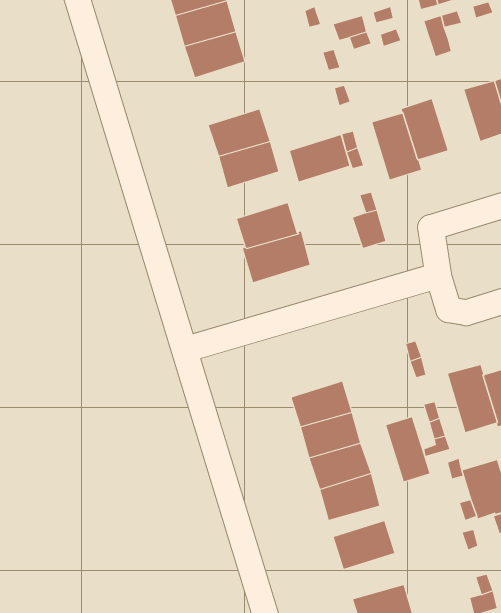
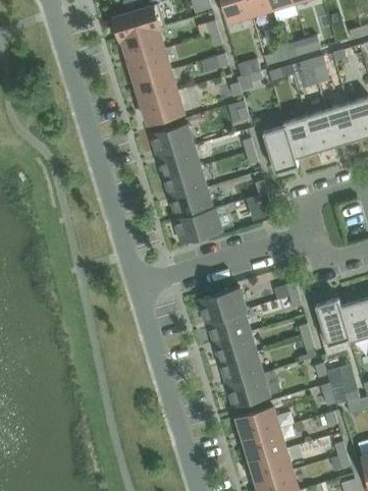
building: none -> [142,91,183,123]
building: none -> [305,110,337,152]
building: [289,135,350,182] -> [164,166,206,199]
building: none -> [199,287,246,322]
building: [386,416,430,482] -> none
building: none -> [244,428,285,459]

